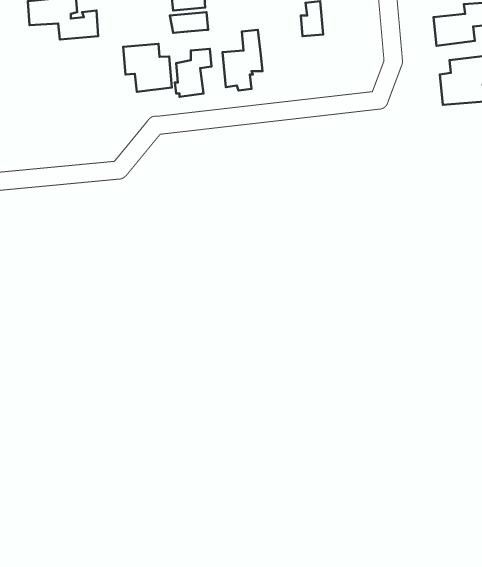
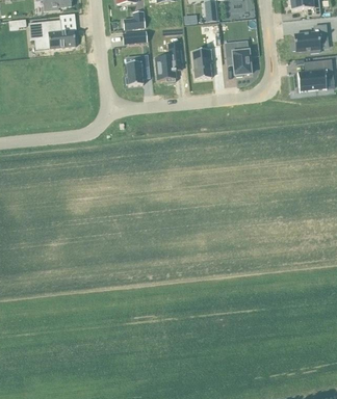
building: none -> [224,41,252,76]
building: none -> [192,49,212,78]
building: [123,44,172,92] -> none

